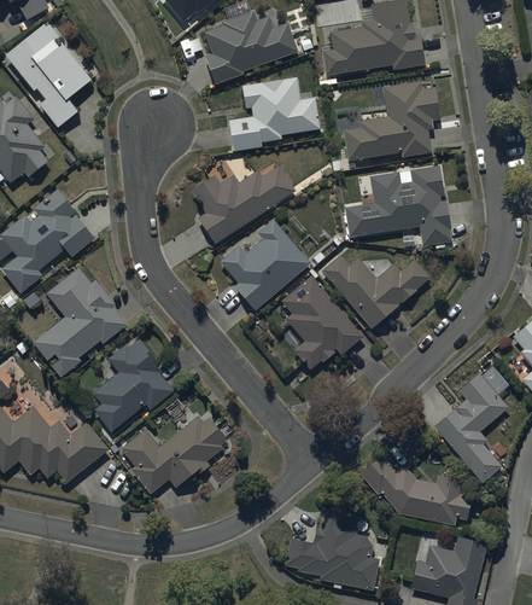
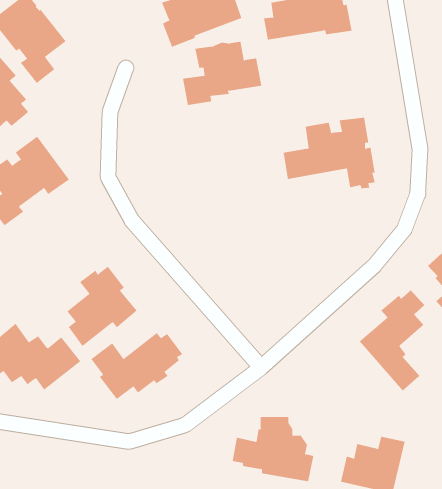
building: [343,81,439,161] -> none
building: [191,164,296,244] -> none
building: [218,219,311,310] -> none
building: [322,255,428,328] -> none
building: [33,267,128,377] -> none
building: [280,275,363,370] -> none
building: [358,454,470,525] -> none

